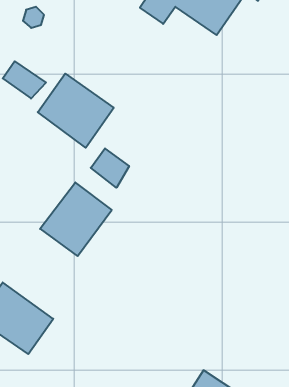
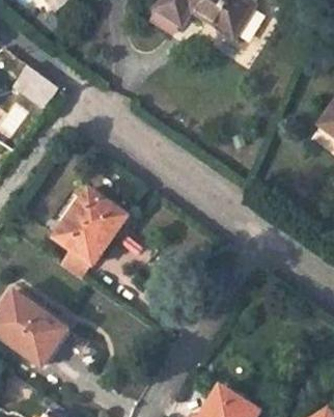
building: [38,74,114,148] -> none
building: [91,148,129,188] -> none

